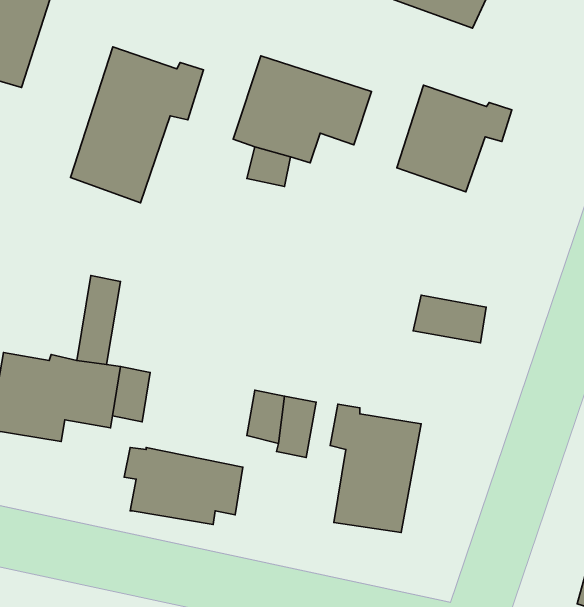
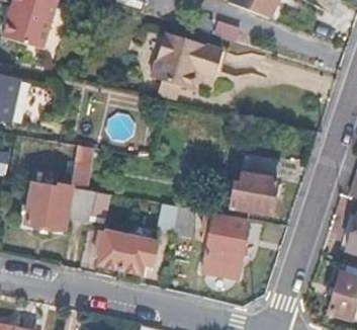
building: [71,47,203,203] -> none
building: [397,85,512,192] -> none
building: none -> [232,173,277,215]

